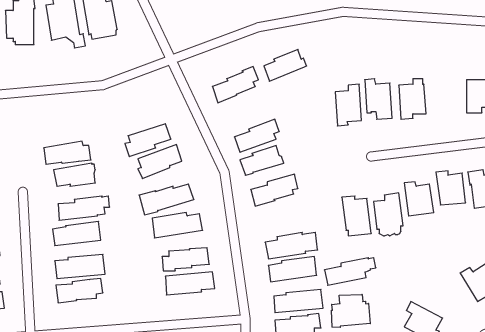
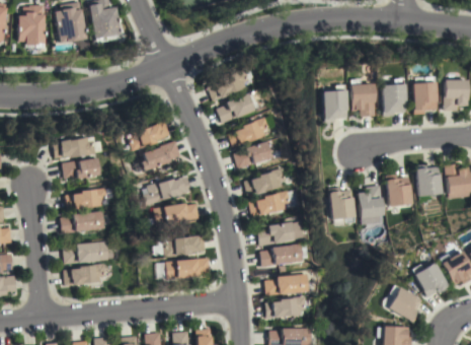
building: [264,49,307,81] -> [218,93,257,123]
building: none -> [411,77,437,115]
building: [324,258,376,285] -> [249,191,297,216]
building: none -> [410,262,449,297]
building: [331,294,370,327] -> none

